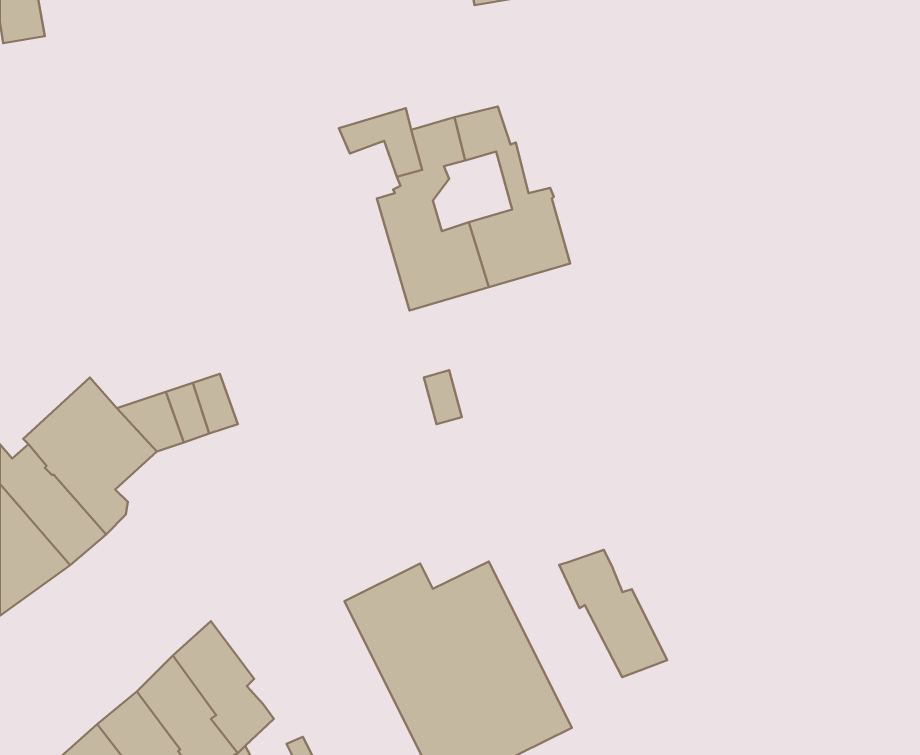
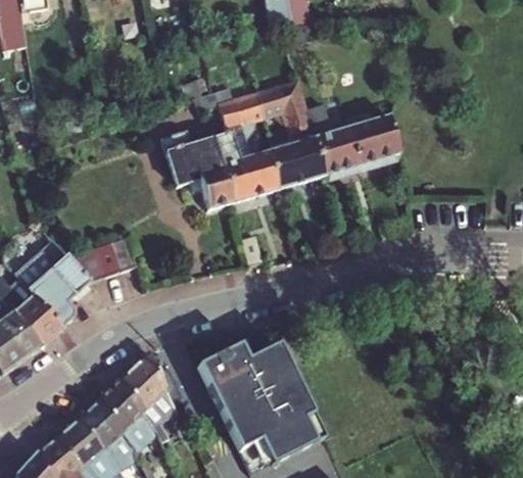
building: none -> [283,82,400,178]
building: none -> [161,130,233,208]
building: [559,550,667,677] -> none
building: none -> [121,351,177,441]

